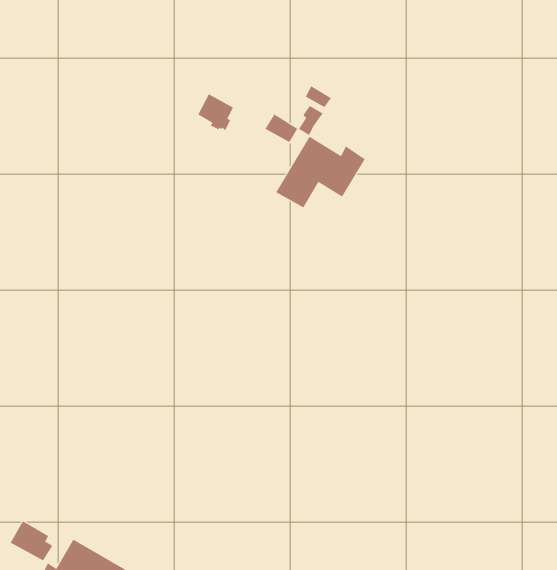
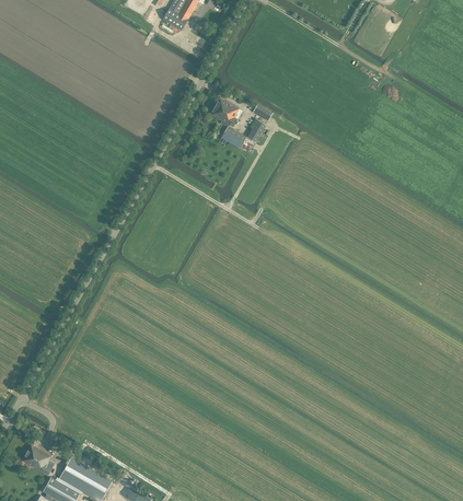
building: [197,93,234,131] -> [210,97,239,127]
building: [276,136,366,208] -> none

